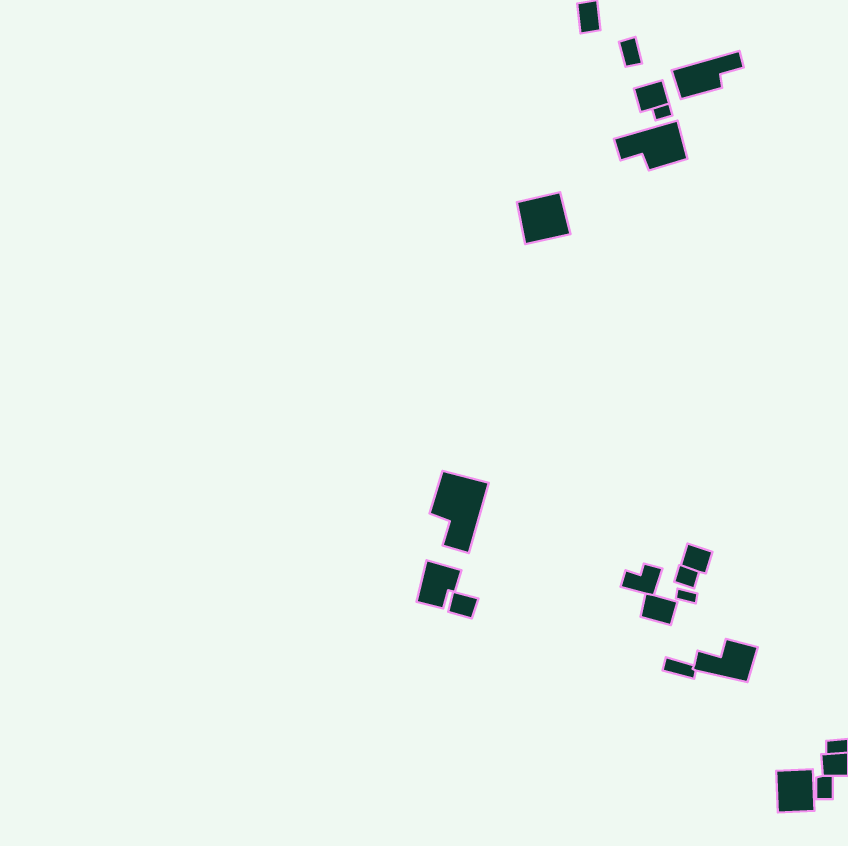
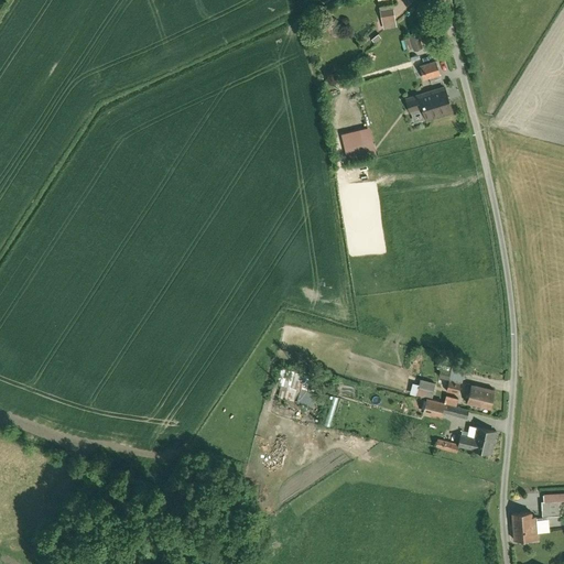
building: [671,51,744,99] -> none
building: [430,471,489,553] -> none
building: none -> [466,383,496,409]

